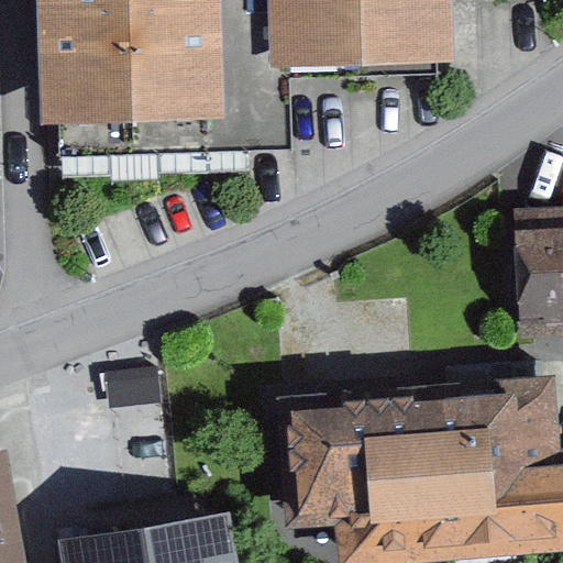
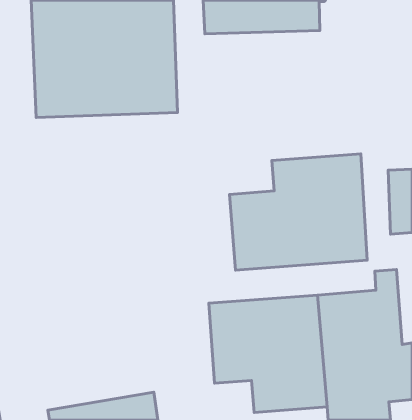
building: none -> [229,154,367,270]

